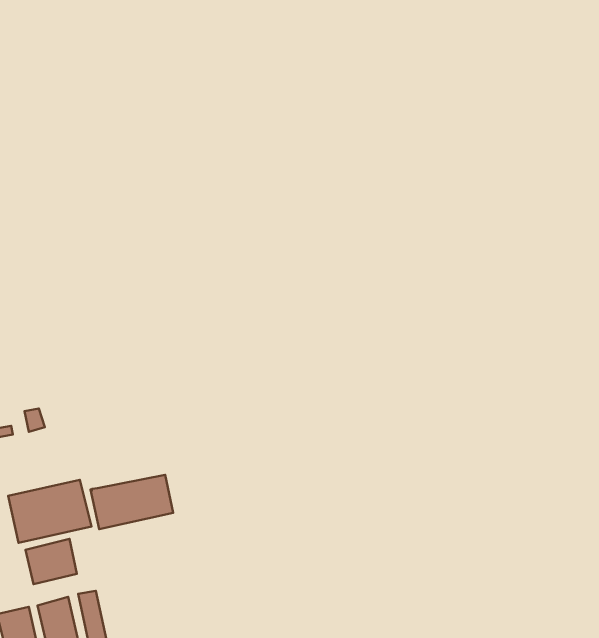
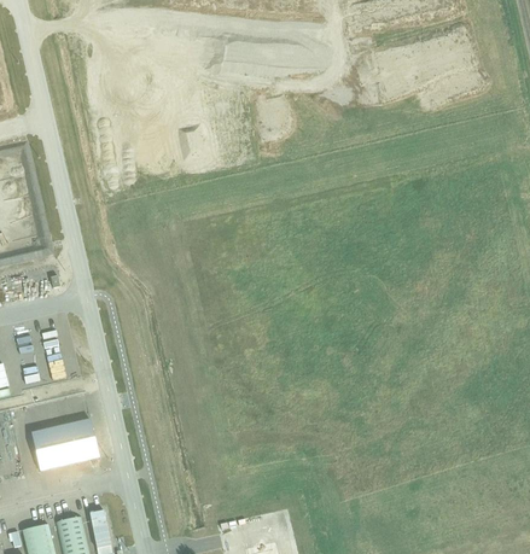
building: [91,475,173,529] -> none
building: [25,539,77,584] -> none

